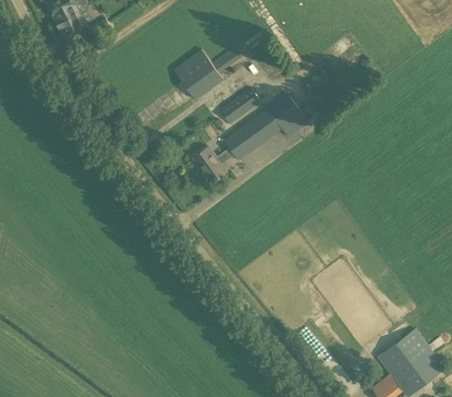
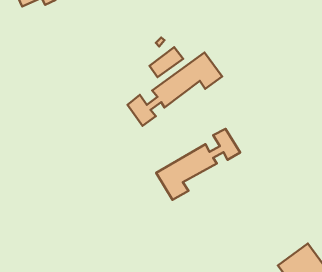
building: [172,48,241,101] -> none
building: none -> [156,129,240,200]

